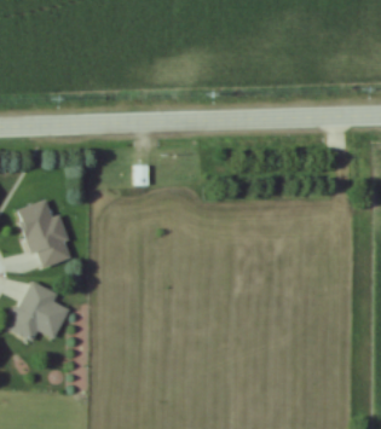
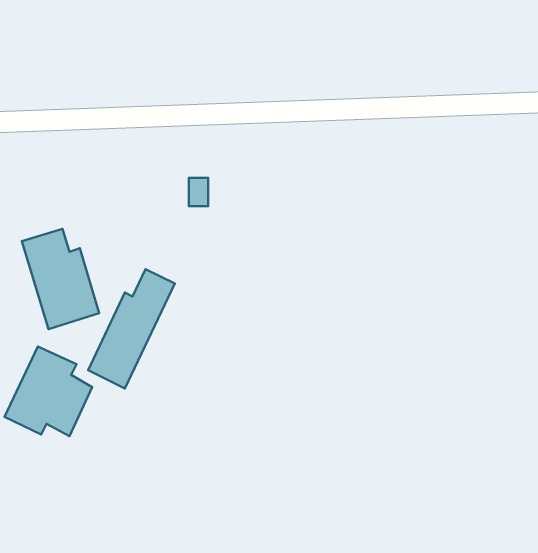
building: none -> [88,269,175,388]

